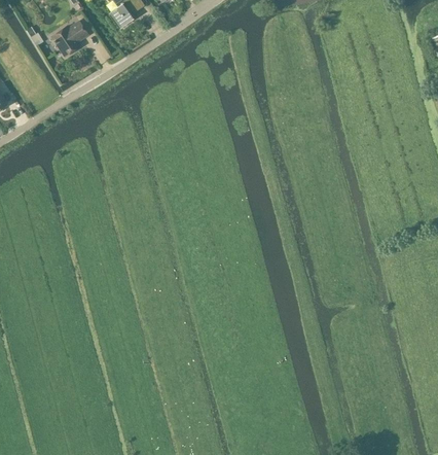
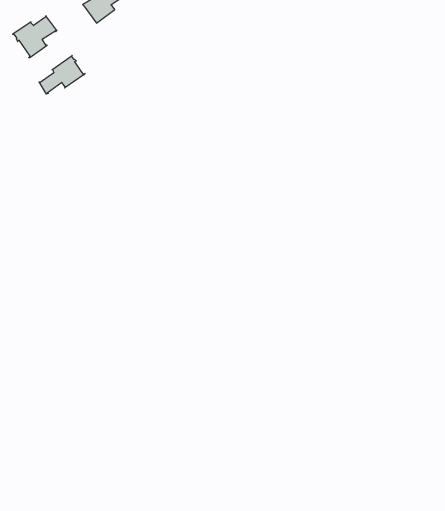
building: none -> [39,55,85,94]

